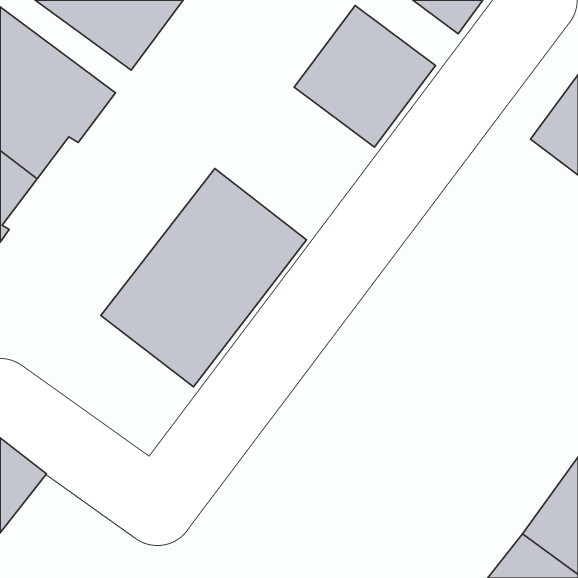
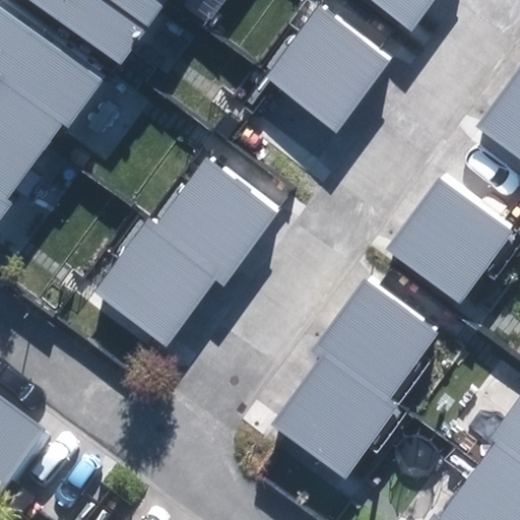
building: none -> [386,178,513,304]
building: none -> [264,281,449,477]

